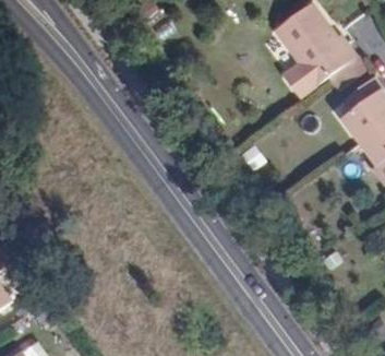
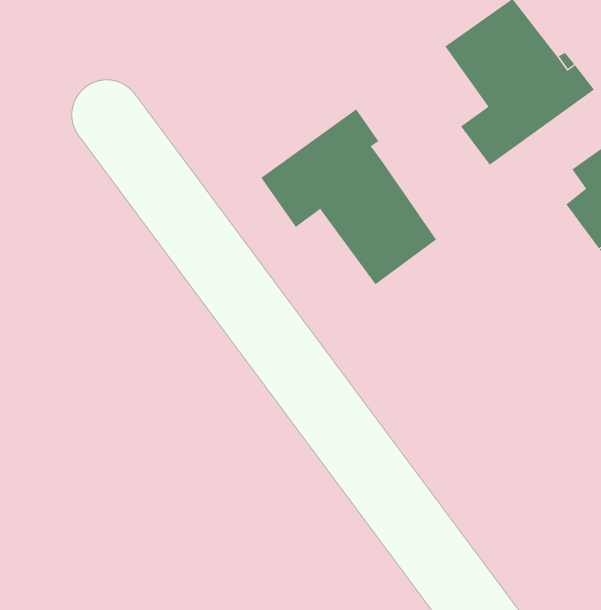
building: none -> [260,108,437,285]

